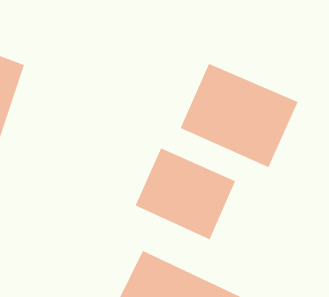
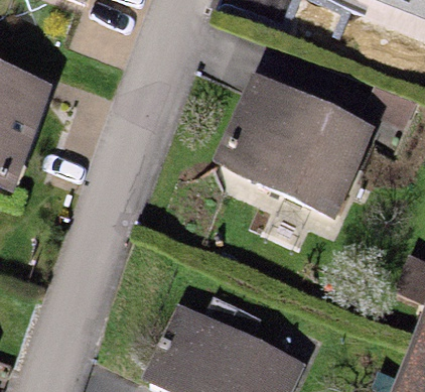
building: [135,148,236,240] -> none

